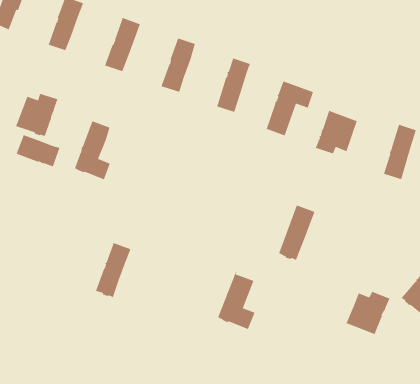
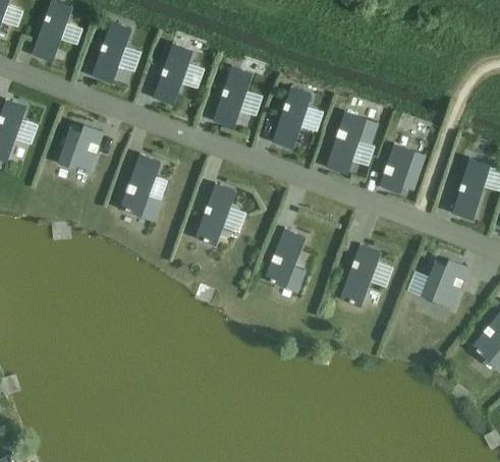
building: [15,134,61,167] -> none
building: [95,241,132,298] -> [196,183,235,244]
building: [216,271,256,332] -> [264,228,307,293]
building: [345,291,391,336] -> [421,261,469,309]

